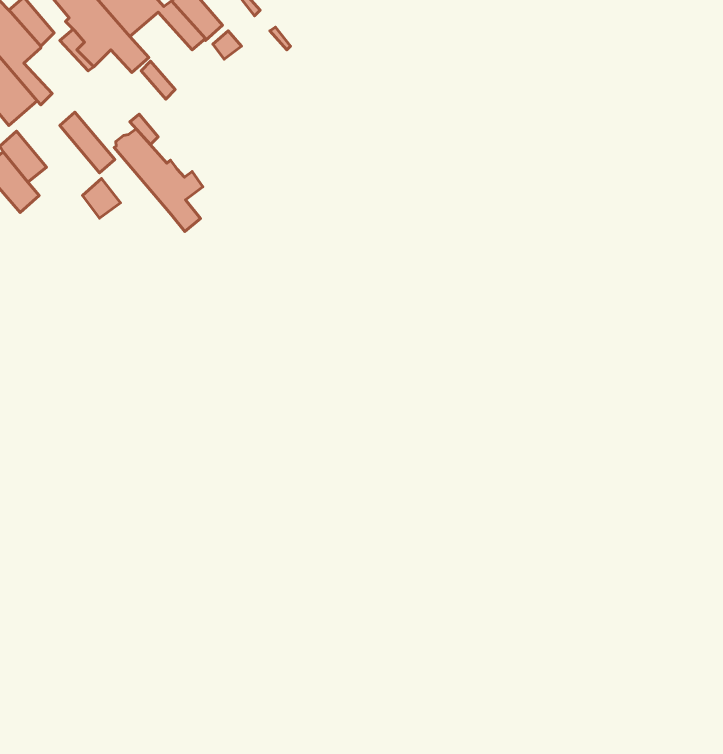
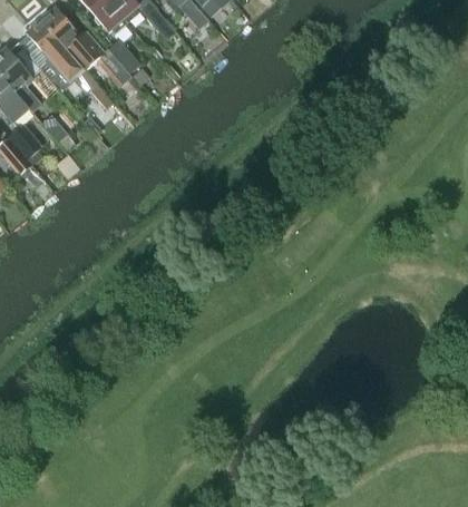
building: [114,129,203,232] -> none

